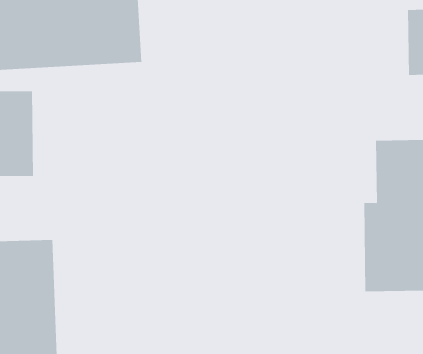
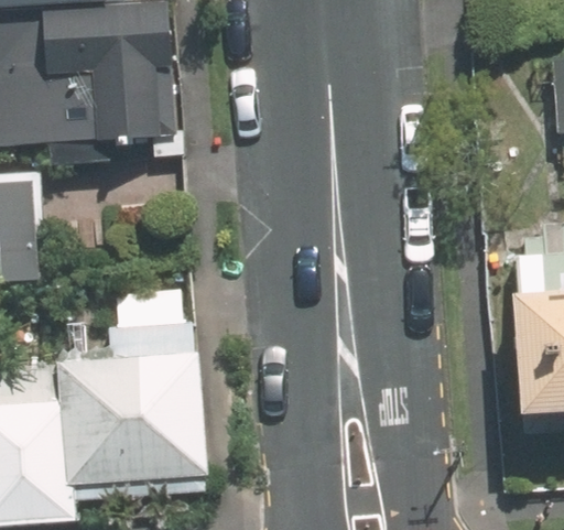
building: none -> [84,323,218,483]

